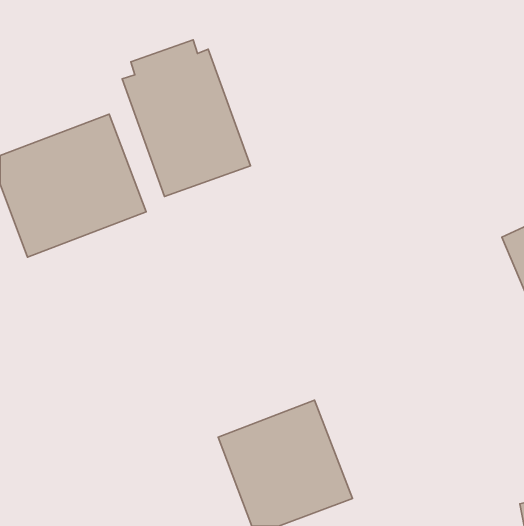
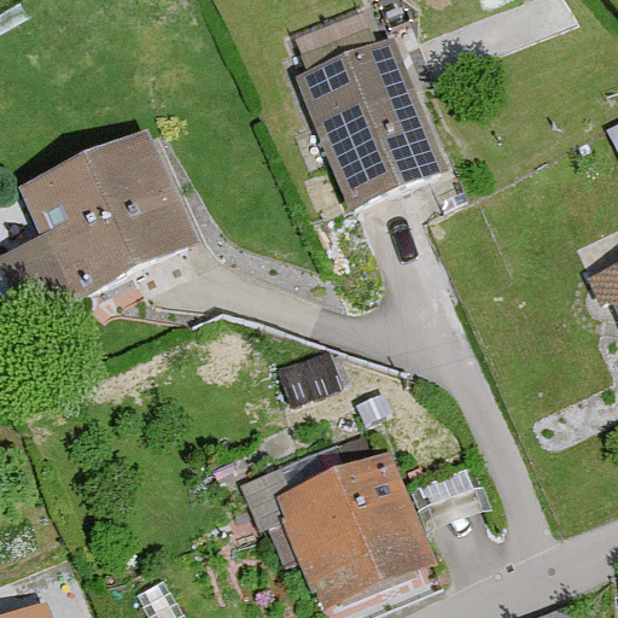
building: [122,40,250,196] -> [291,27,437,205]

